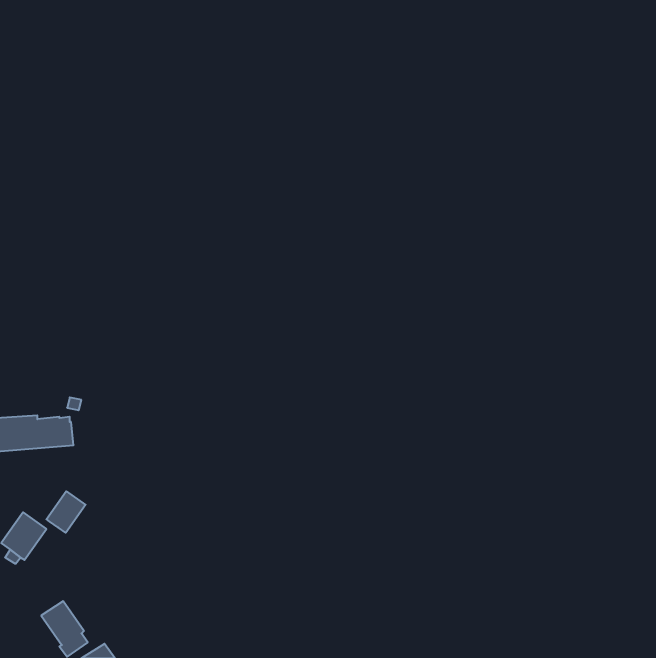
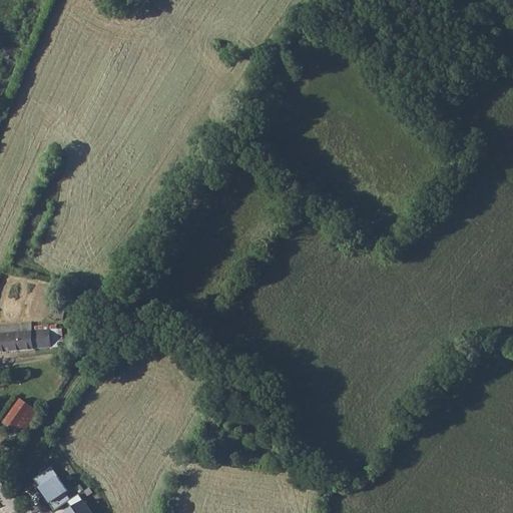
building: [46,491,86,533] -> none

